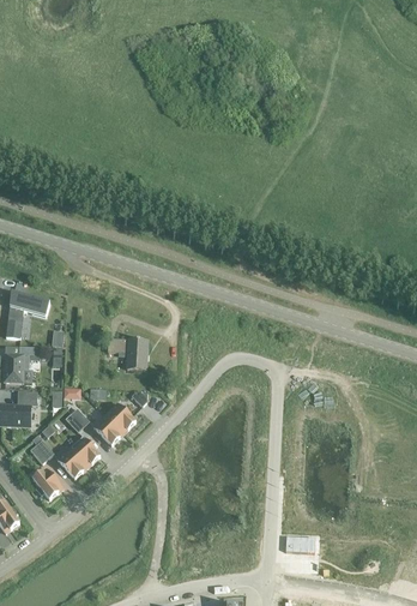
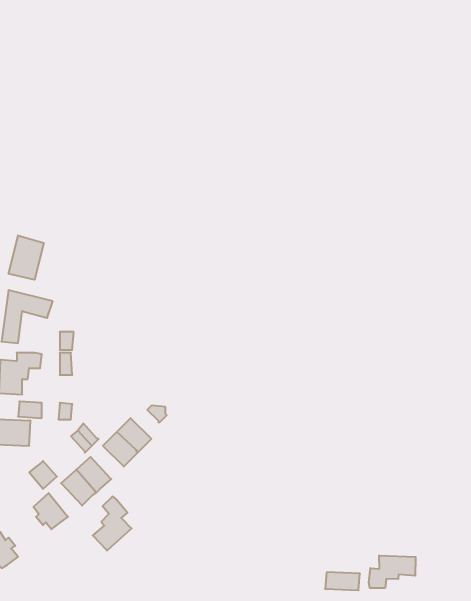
building: none -> [9,235,44,280]
building: [107,337,146,368] -> none
building: none -> [93,496,132,551]
building: none -> [369,555,416,588]

